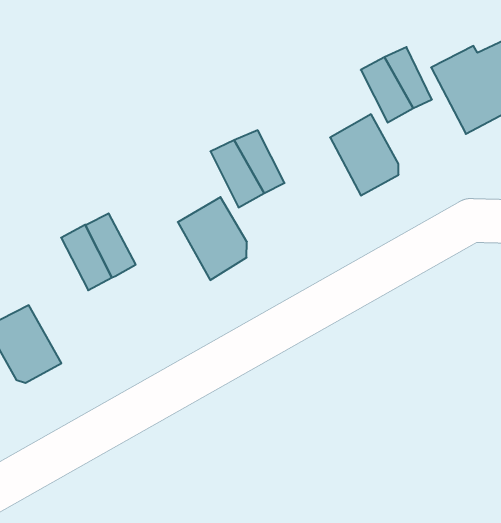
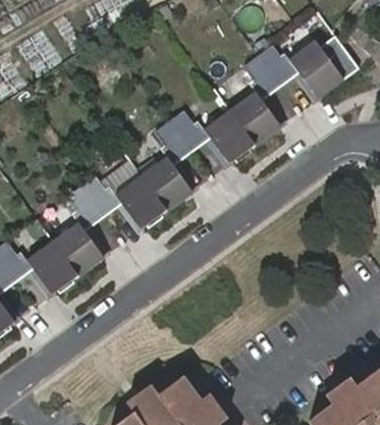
building: none -> [205,109,255,160]
building: none -> [114,175,165,225]
building: none -> [51,221,100,275]

